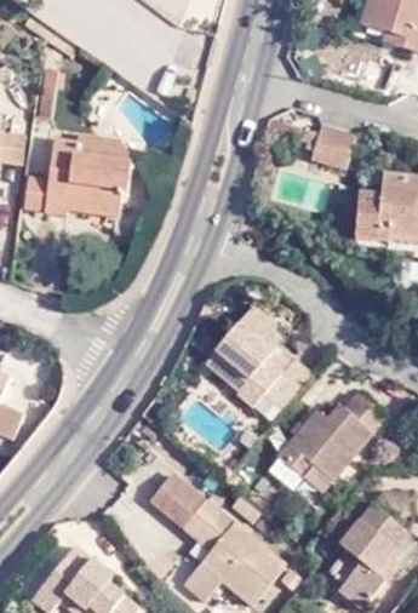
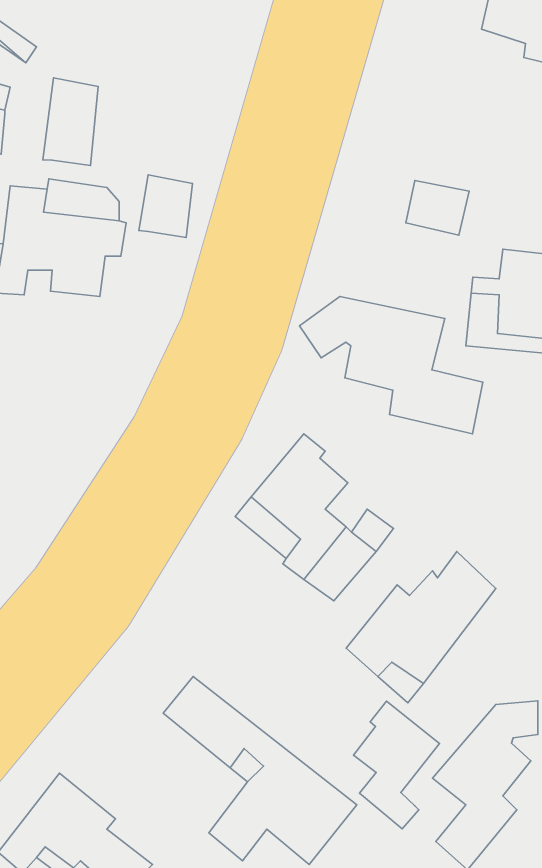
building: none -> [43,78,98,165]
building: none -> [139,175,192,237]
building: none -> [300,296,483,434]
building: none -> [353,701,439,829]

